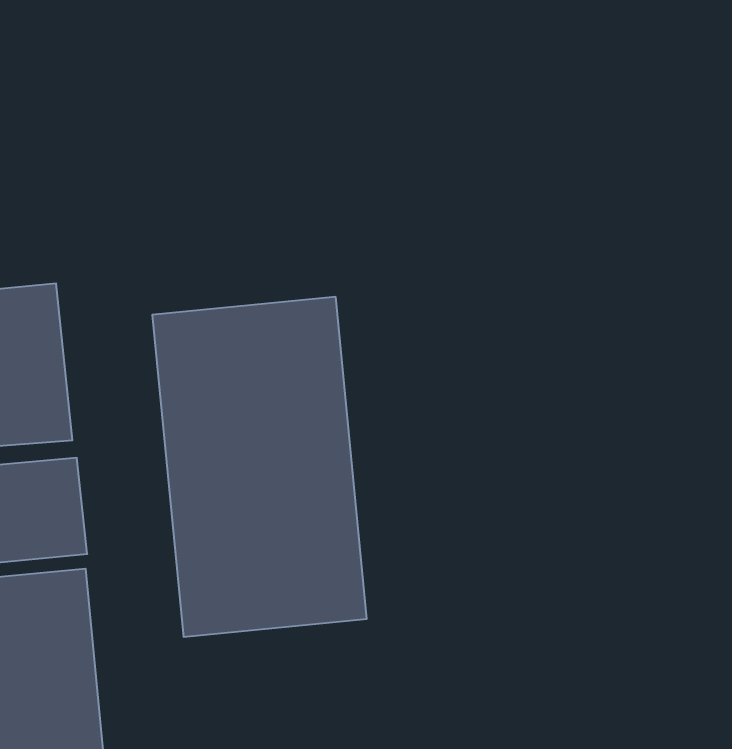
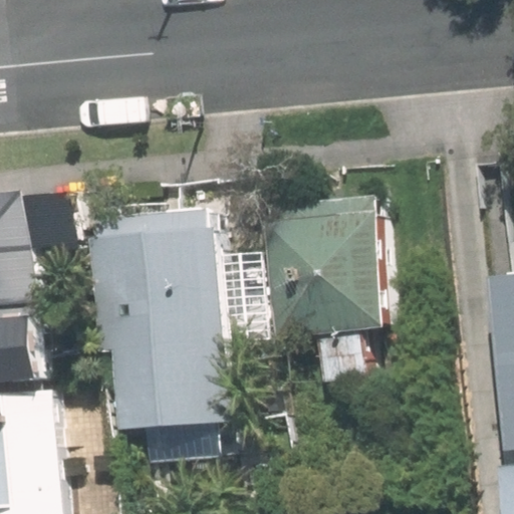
building: none -> [274,193,403,380]

